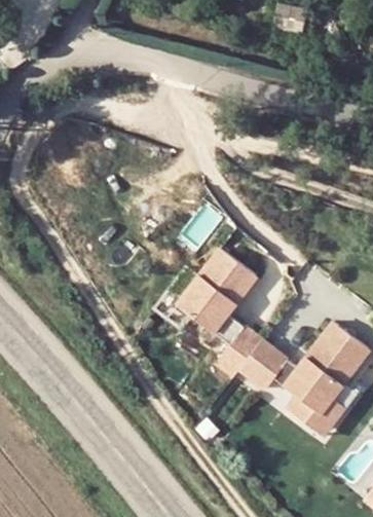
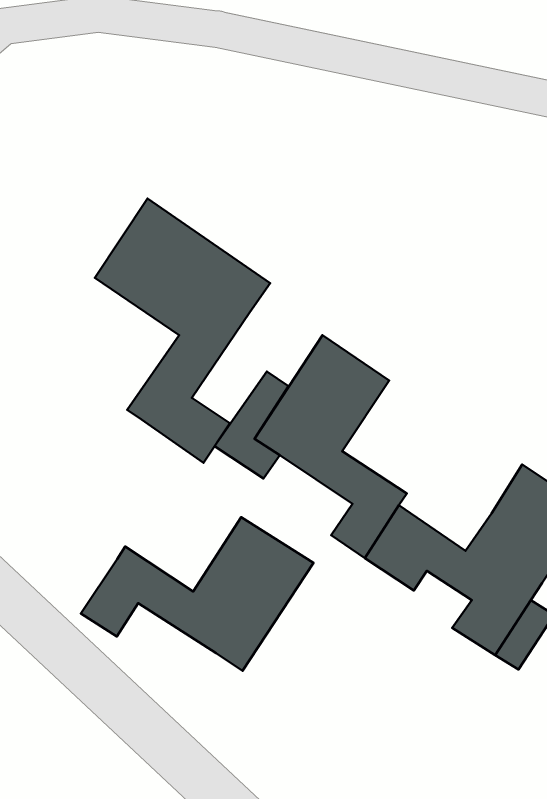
building: none -> [95,198,270,463]
building: none -> [81,517,313,671]

